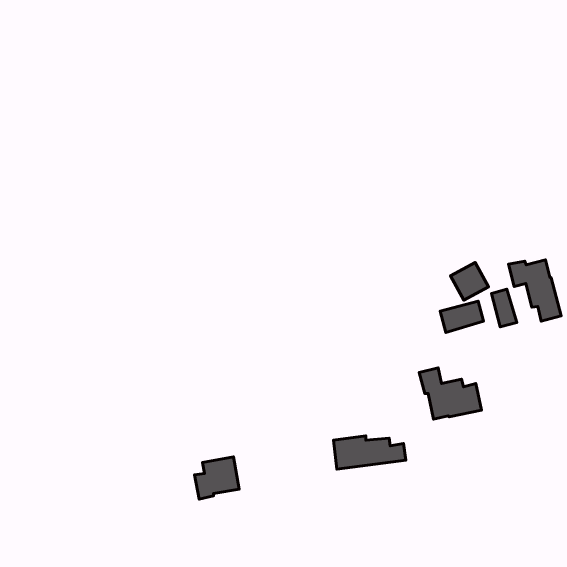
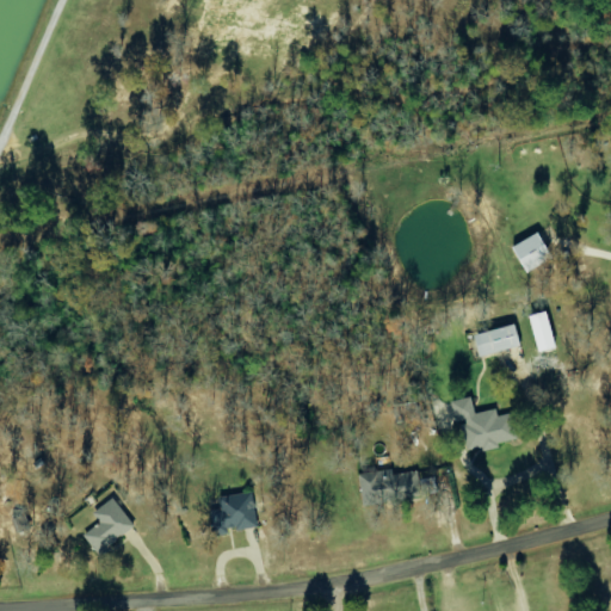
building: [508,260,561,321] -> none
building: [451,263,488,300] -> [512,232,553,272]
building: none -> [84,496,135,553]

